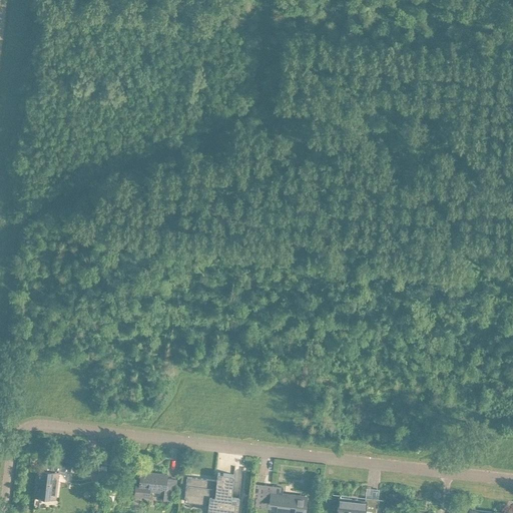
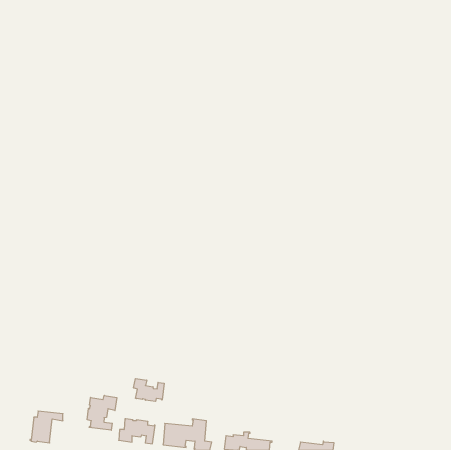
building: none -> [134,379,164,401]
building: none -> [87,395,117,430]

